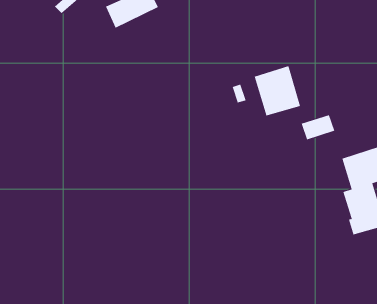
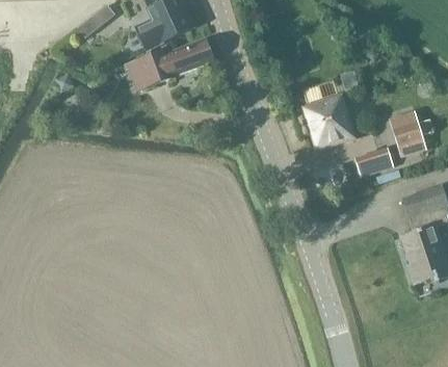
building: none -> [136,36,214,87]
building: none -> [389,109,427,156]

